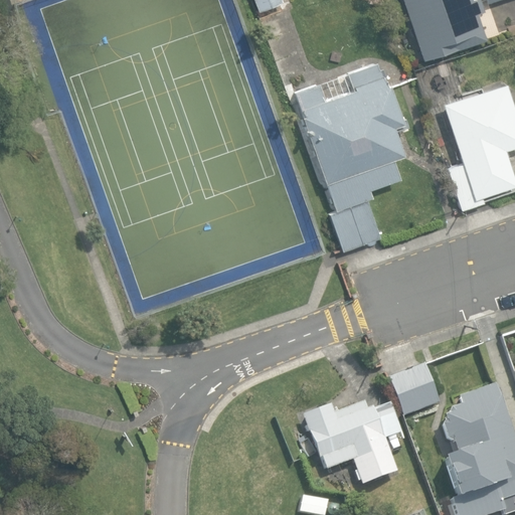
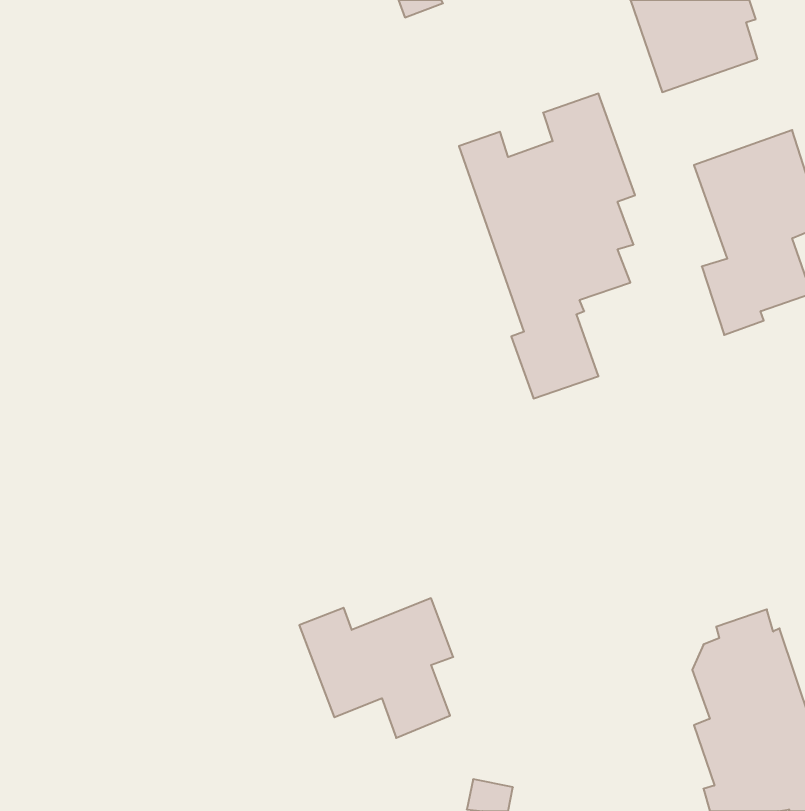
building: [390,363,440,416] -> none
building: [303,396,400,485] -> [299,598,453,738]

